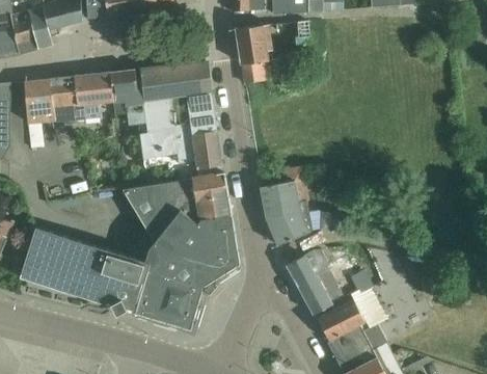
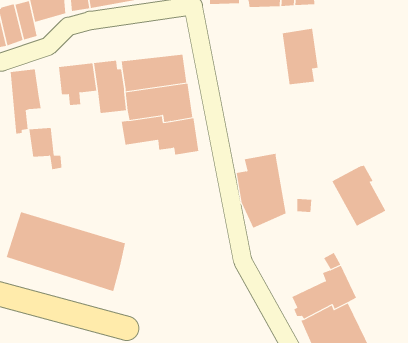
building: [236,24,274,83] -> [282,28,319,85]
building: [50,76,85,121] -> [29,127,62,170]
building: [121,169,239,329] -> none
building: [286,248,343,313] -> [332,165,386,227]

